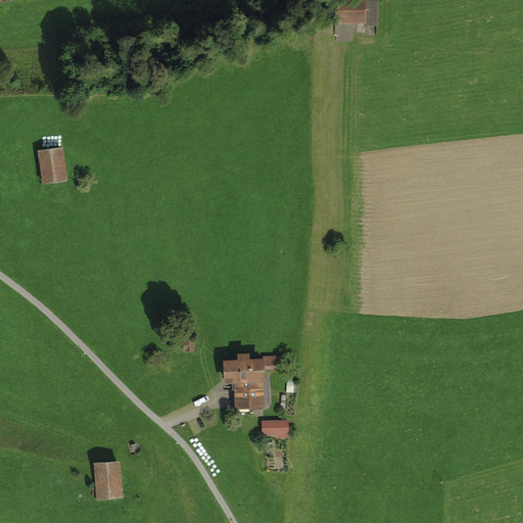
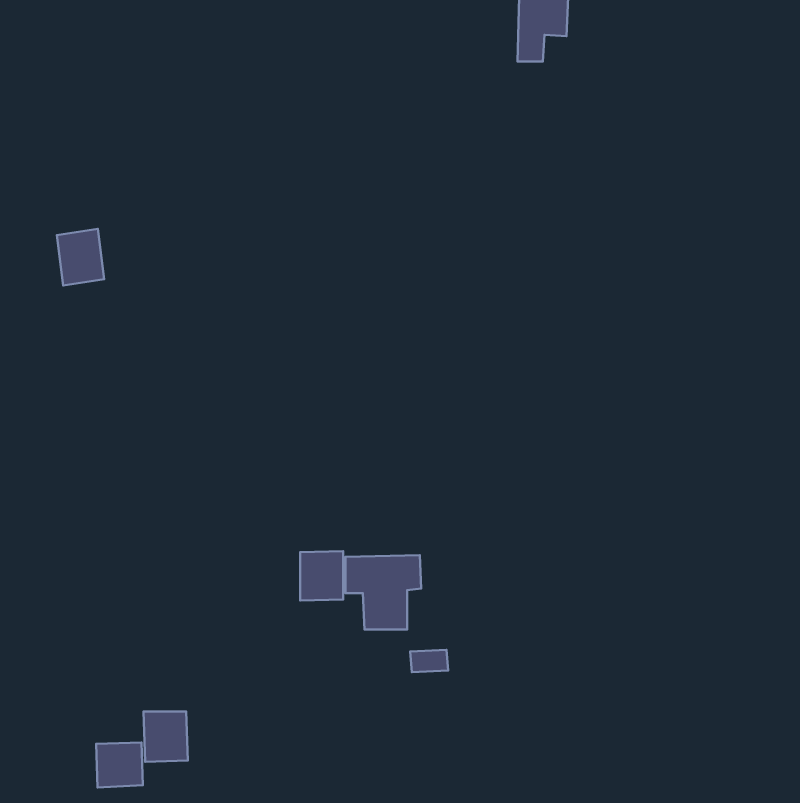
building: none -> [300,551,343,601]
building: none -> [96,743,143,788]

